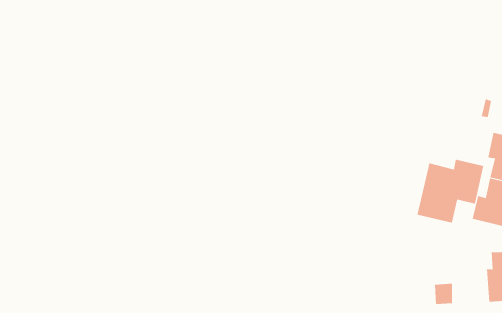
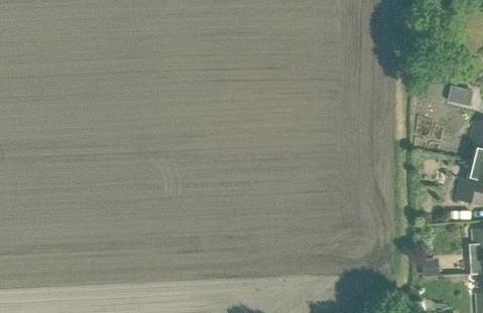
building: [417,159,484,224] -> none

